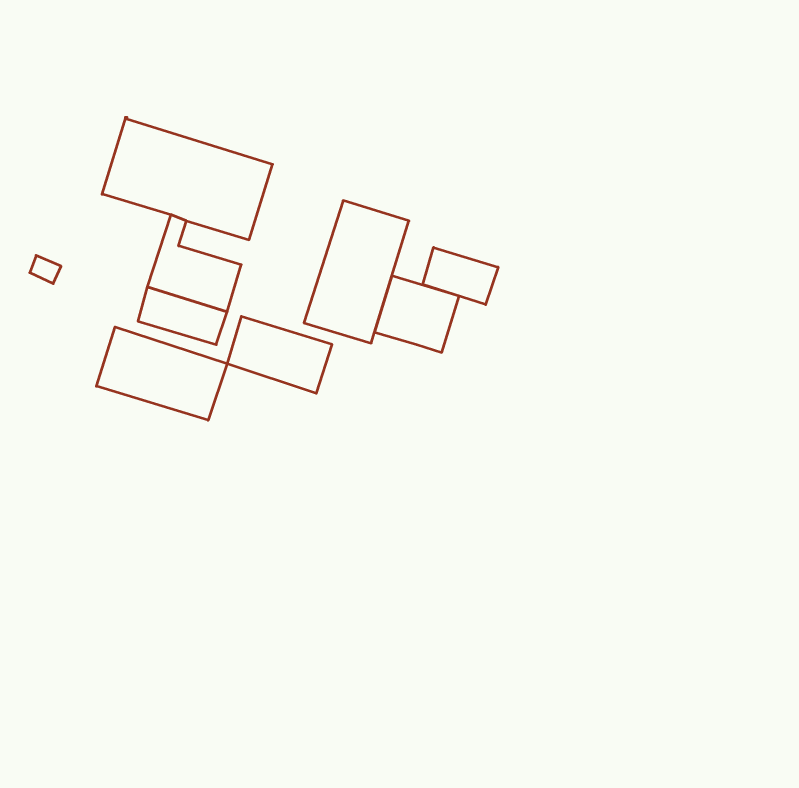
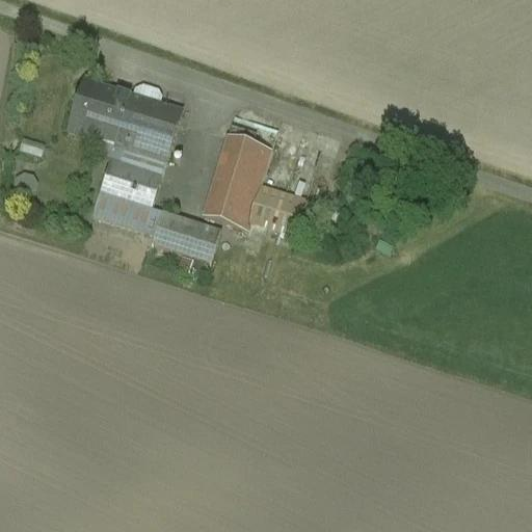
building: [423,247,498,305] -> none
building: [96,327,227,420] -> none

